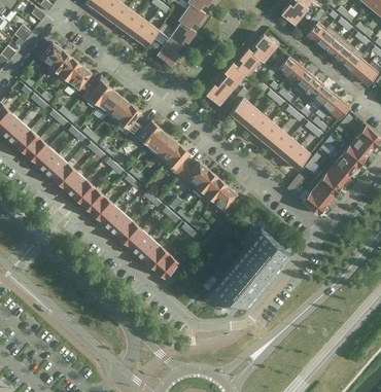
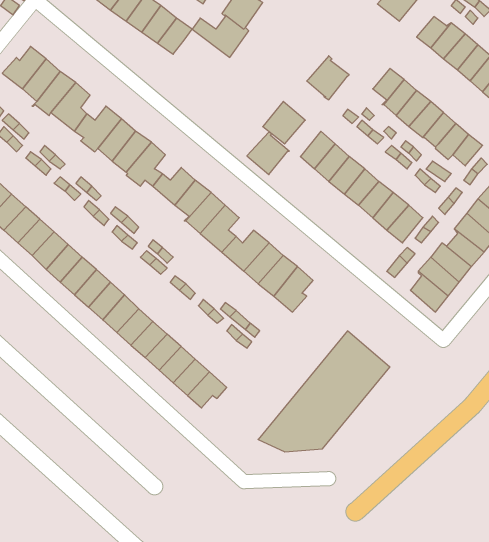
building: [153,31,183,66] -> none
building: [249,35,277,64] -> none
building: [218,63,246,91] -> [247,132,289,175]

